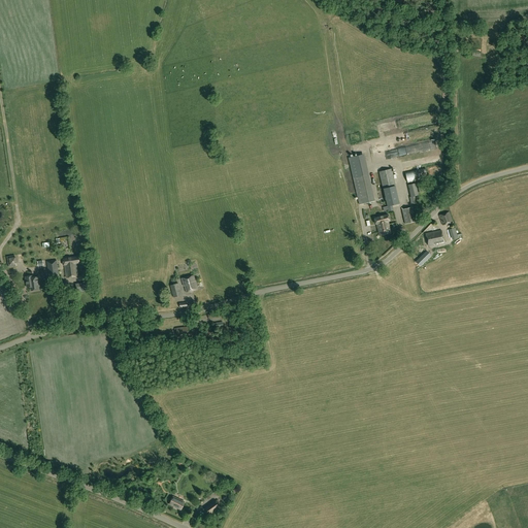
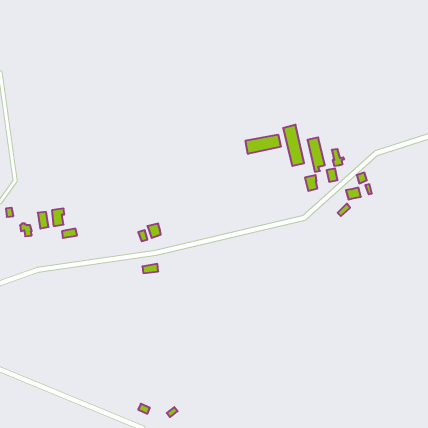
building: none -> [246,135,281,154]

